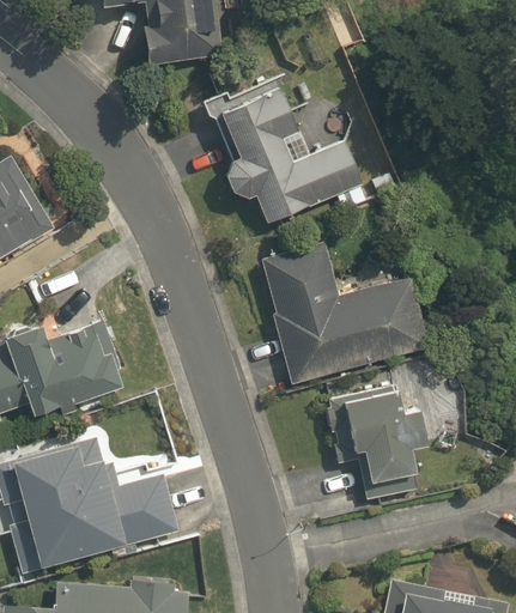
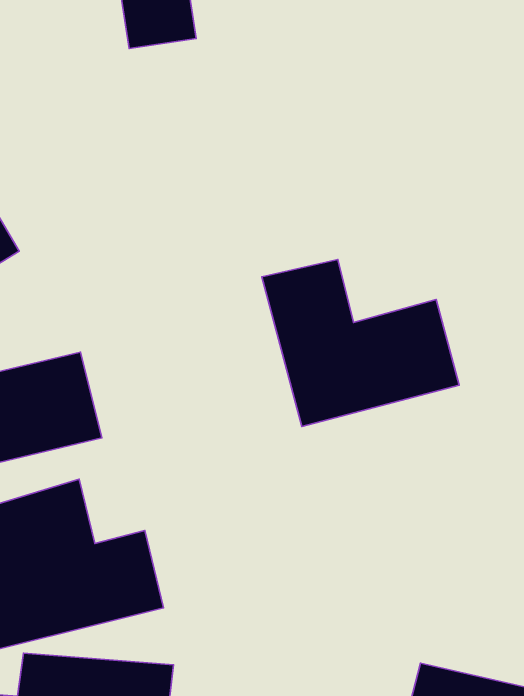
building: [215,87,366,223] -> none
building: [329,388,431,480] -> none

